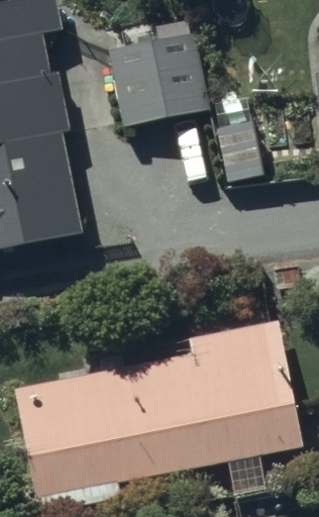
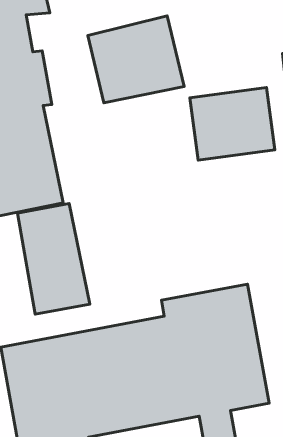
building: none -> [17,204,90,314]

